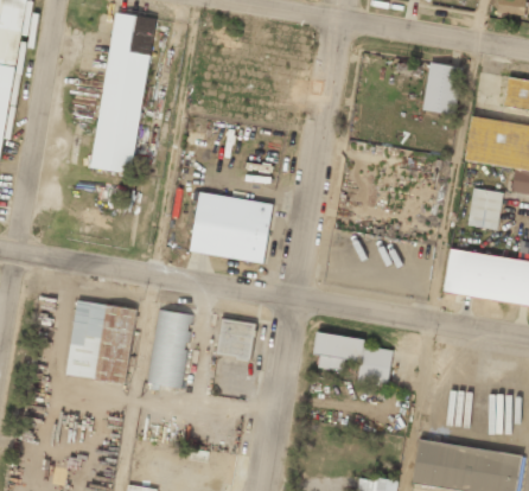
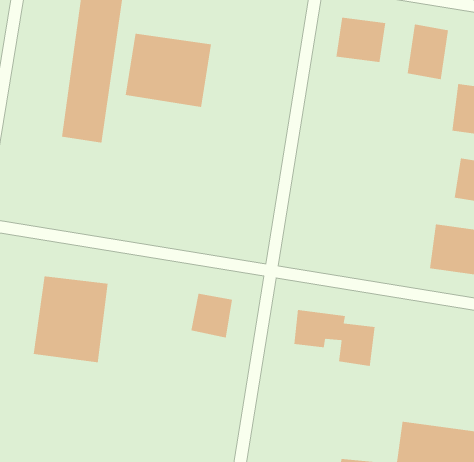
building: none -> [336,17,386,63]
building: [190,193,273,264] -> [125,33,212,108]
building: [146,310,192,389] -> none

